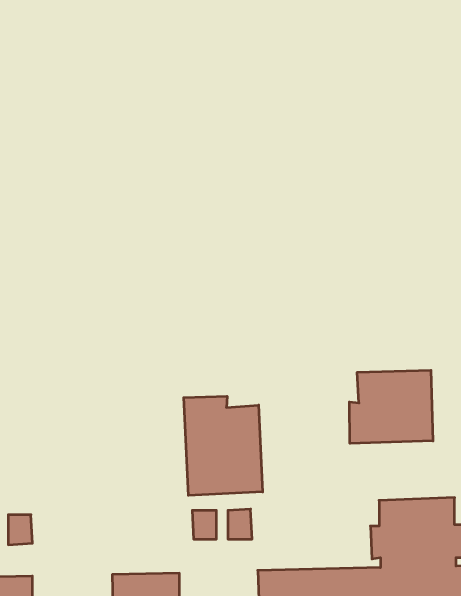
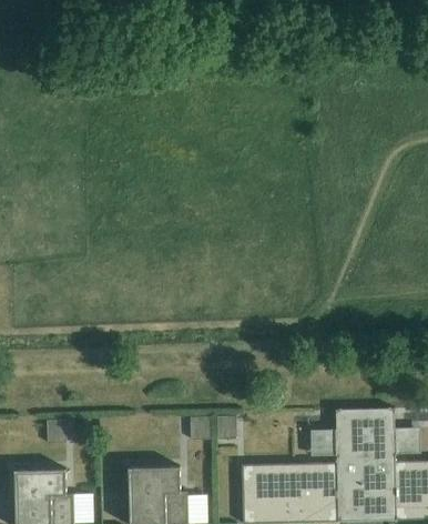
building: [349,370,433,443] -> none
building: [184,396,263,495] -> none

